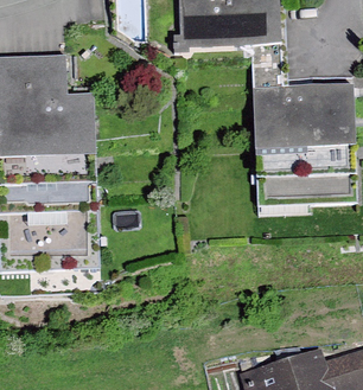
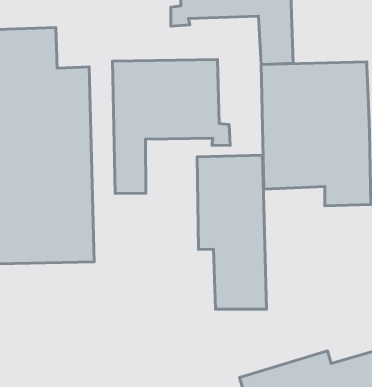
building: none -> [113,59,230,194]
building: none -> [197,155,266,309]

